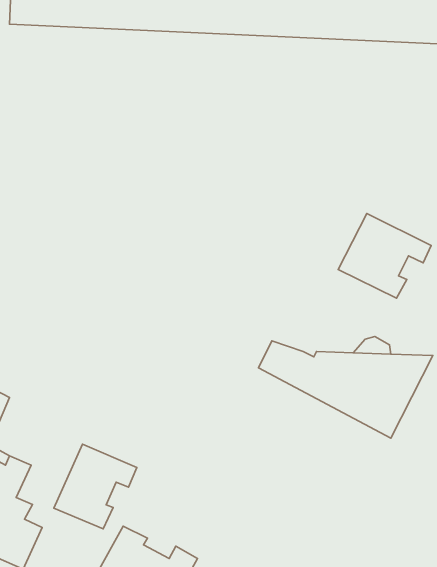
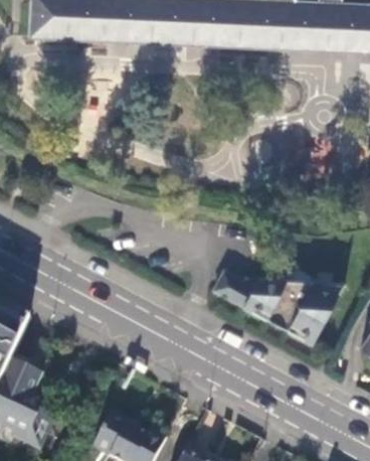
building: [338,213,431,298] -> none
building: [54,444,137,529] -> none

